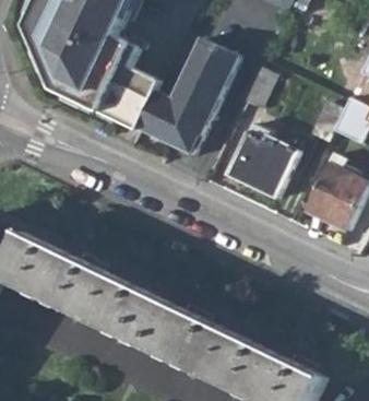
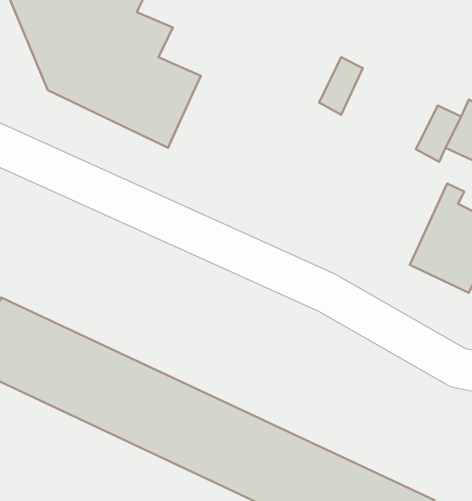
building: [140,35,240,154] -> none
building: [230,122,299,197] -> none

